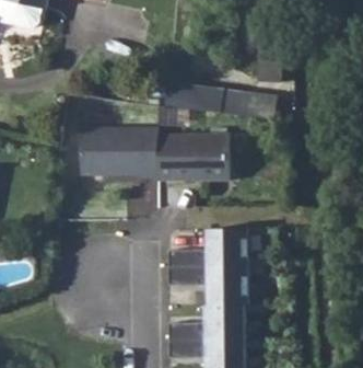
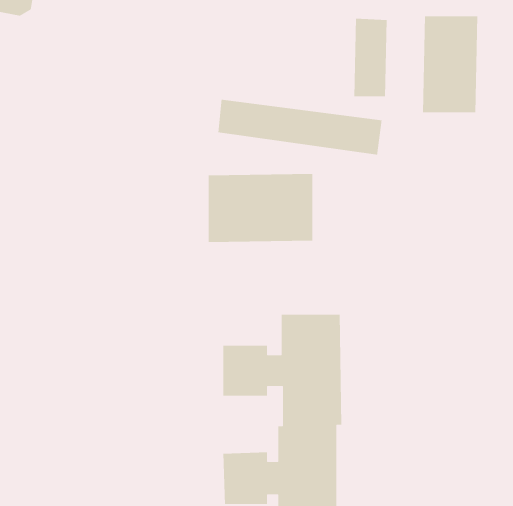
building: none -> [422,15,478,113]
building: [79,128,156,177] -> none

